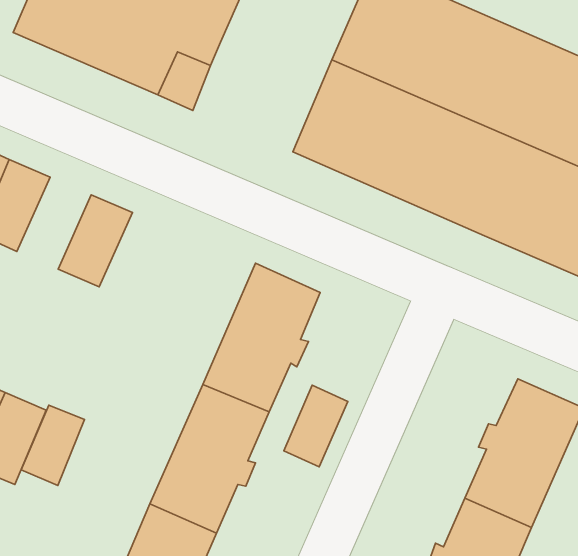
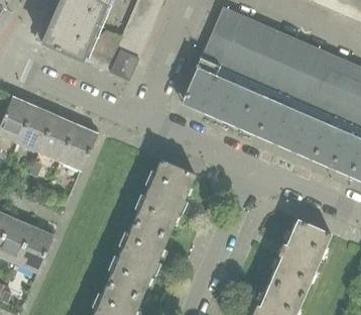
building: none -> [38,114,77,162]
building: [284,385,348,467] -> none
building: [21,405,84,485] -> none

